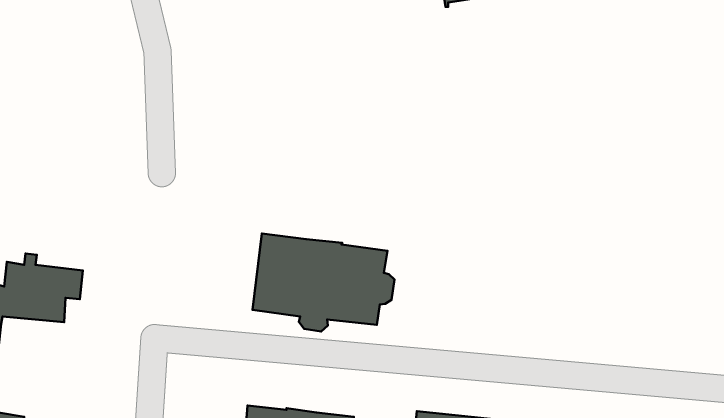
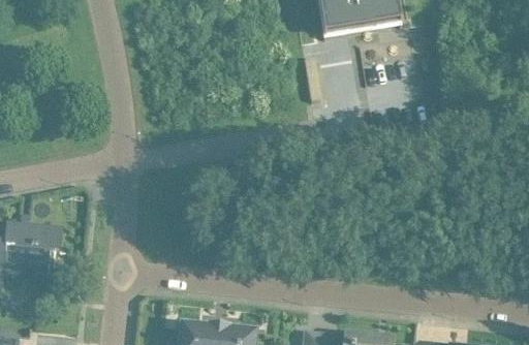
building: [253,233,395,331] -> none

